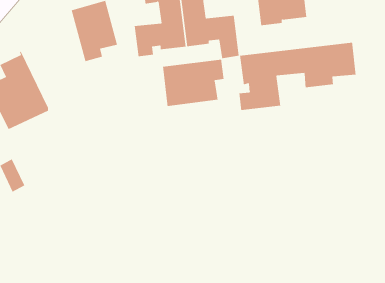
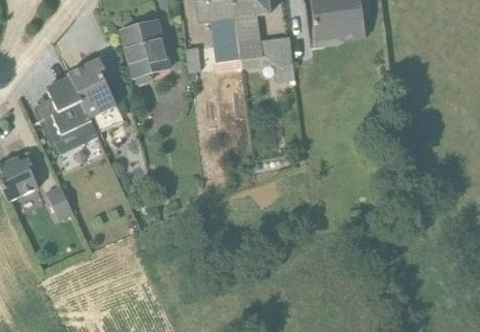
building: none -> [69,58,124,131]
building: [239,42,356,111] -> none
building: [163,59,224,107] -> none

